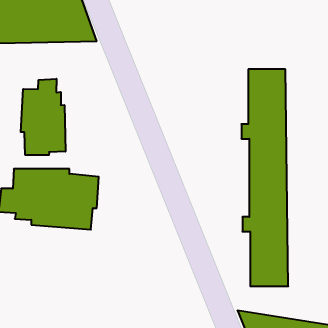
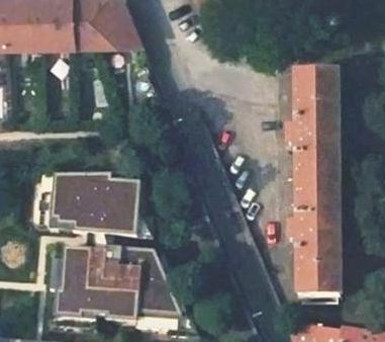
building: [21,79,65,155] -> none
building: none -> [55,249,193,333]

